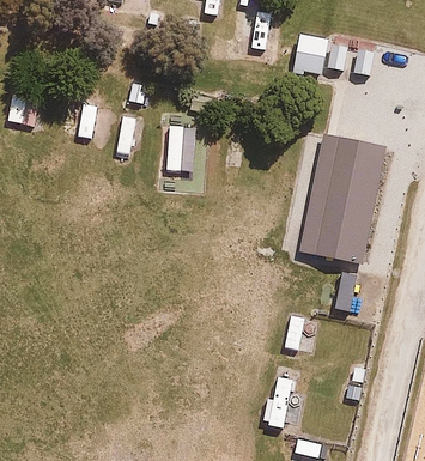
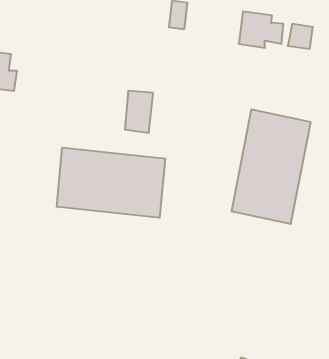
building: none -> [57,148,165,218]

